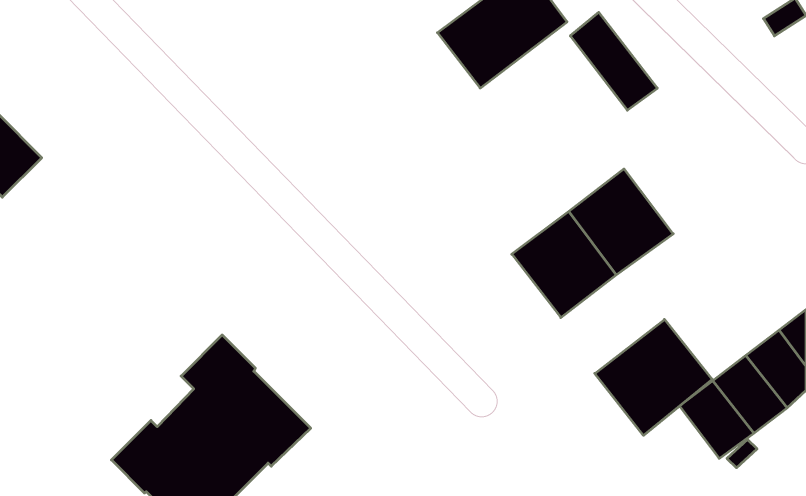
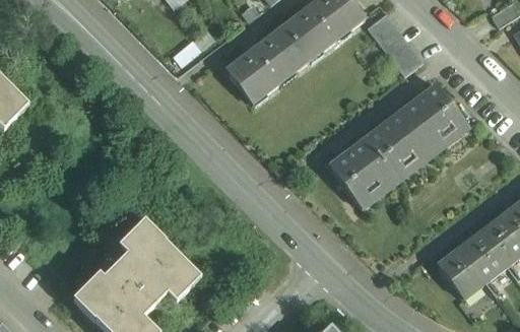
building: none -> [225,24,310,104]
building: none -> [402,84,469,153]
building: [595,319,712,435] -> none

